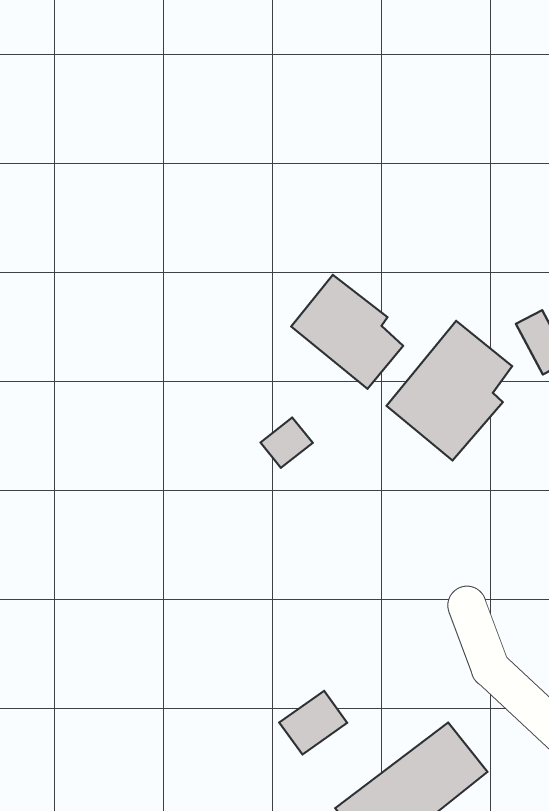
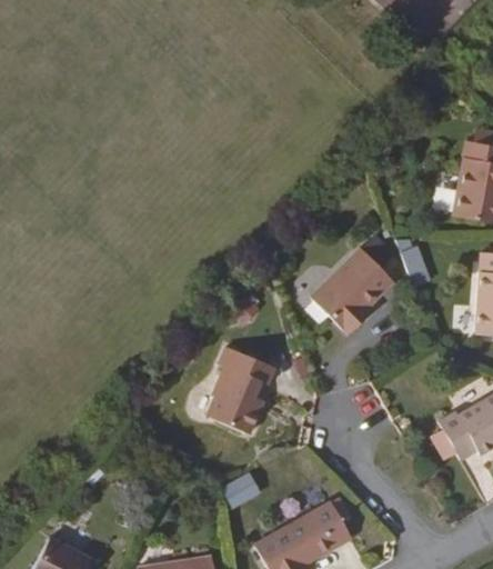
building: [291,275,403,389] -> none
building: none -> [207,341,278,431]

